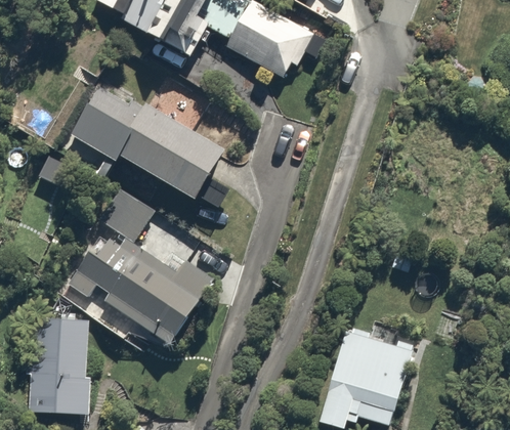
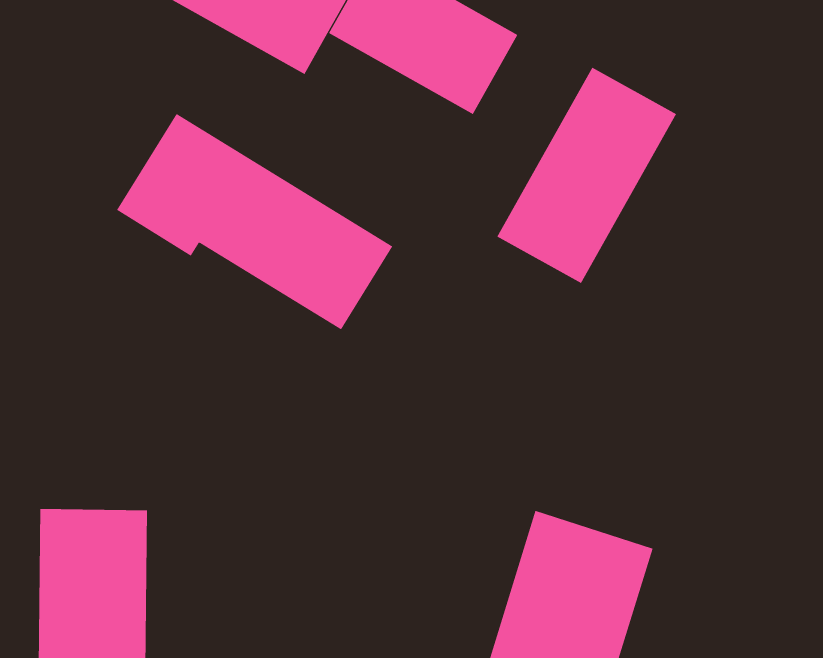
building: none -> [496,67,677,284]
building: [56,196,227,352] -> none

